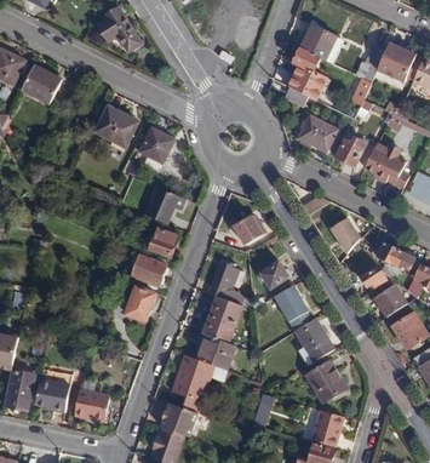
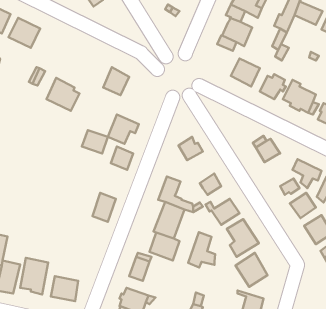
building: [94,105,136,147] -> [47,78,79,111]
building: [132,256,165,285] -> [82,130,108,153]
building: none -> [188,232,215,268]

